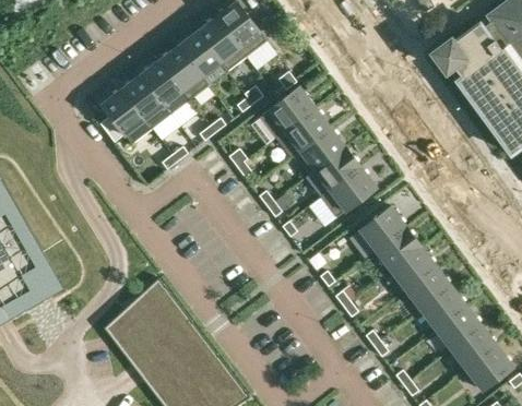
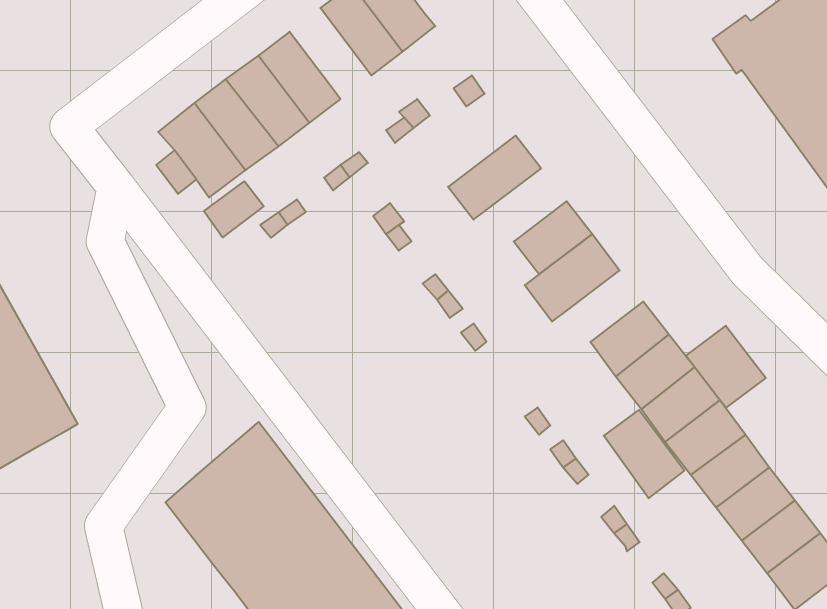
building: [179,32,222,77] -> none
building: [260,87,315,139] -> none
building: [294,128,345,175] -> none
building: none -> [204,181,264,237]
building: none -> [686,326,766,408]
building: none -> [604,410,684,498]

